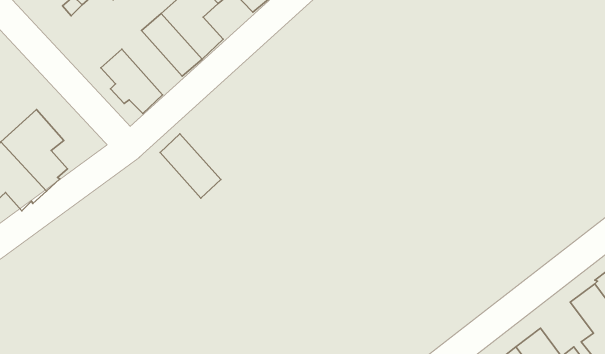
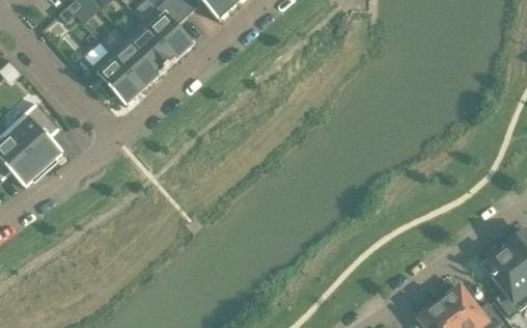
building: [160,134,221,198] -> [109,34,160,88]

